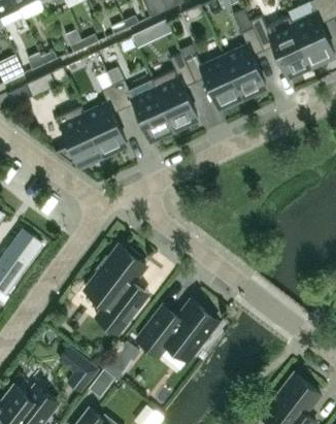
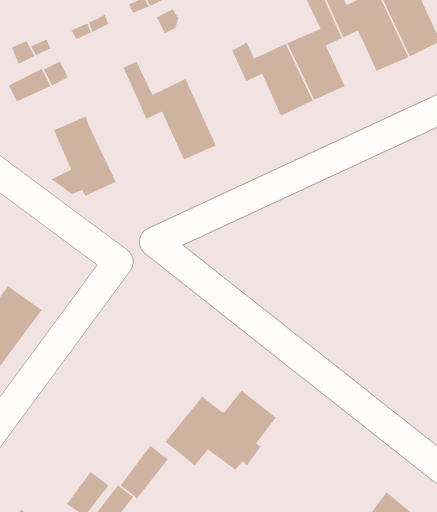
building: [152,53,197,128] -> none
building: [82,86,126,154] -> none
building: [85,246,147,334] -> none

